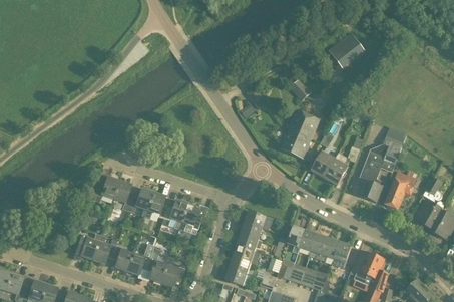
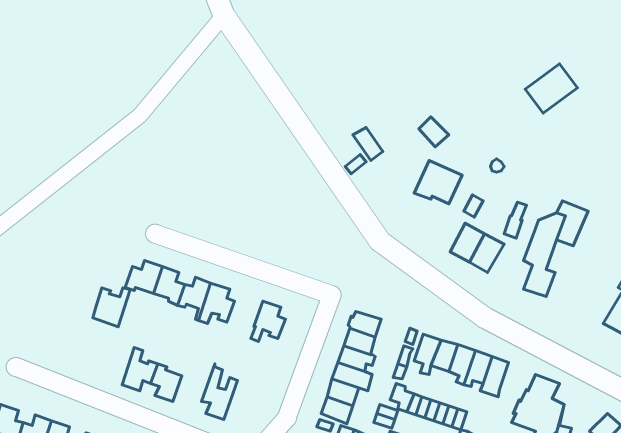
building: [329,33,364,66] -> [525,64,578,113]
building: [281,131,311,158] -> none
building: [384,170,418,209] -> none
building: [162,200,186,229] -> none
building: [75,234,100,260] -> [93,288,130,327]
building: [126,244,154,275] -> none
building: [160,257,184,287] -> none

